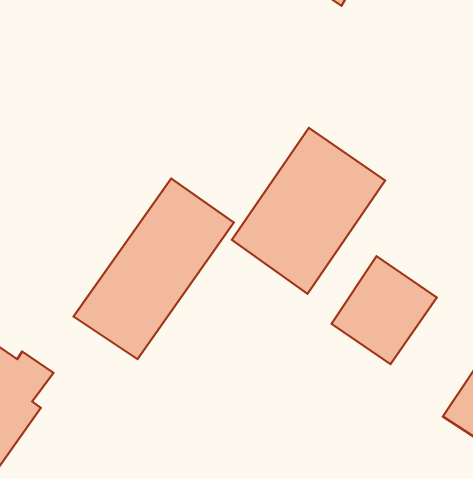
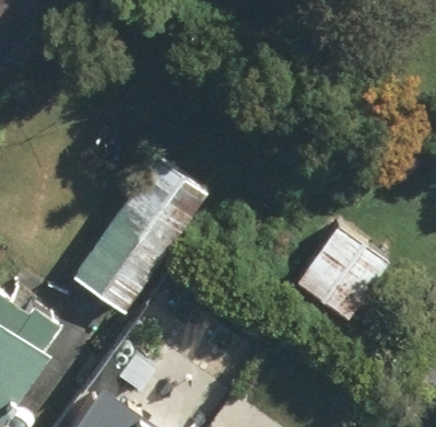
building: [232,128,385,294] -> none

